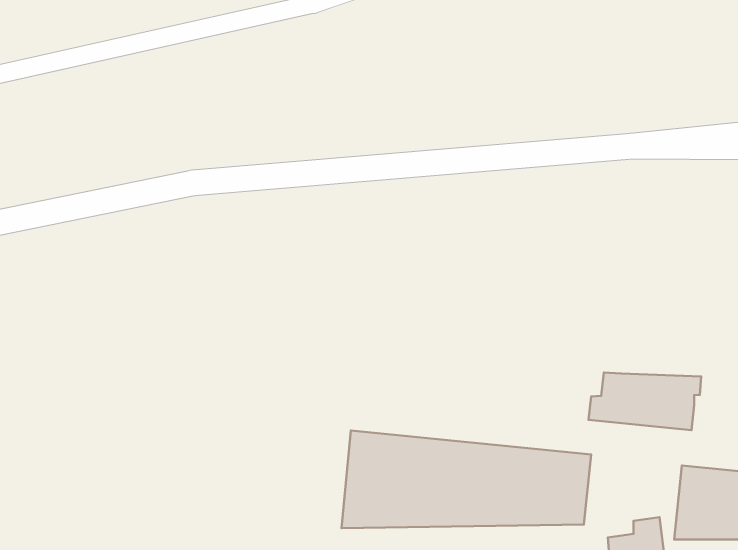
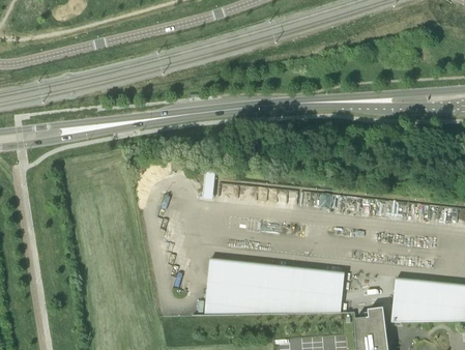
building: [588,372,701,430] -> none

